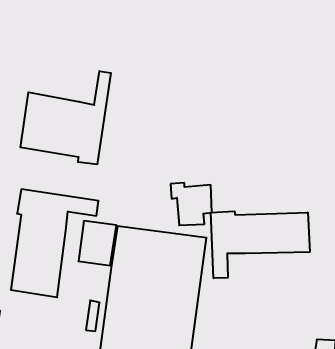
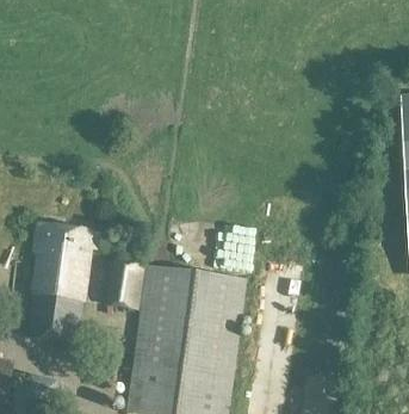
building: [20,71,111,164] -> none
building: [211,211,310,278] -> none

